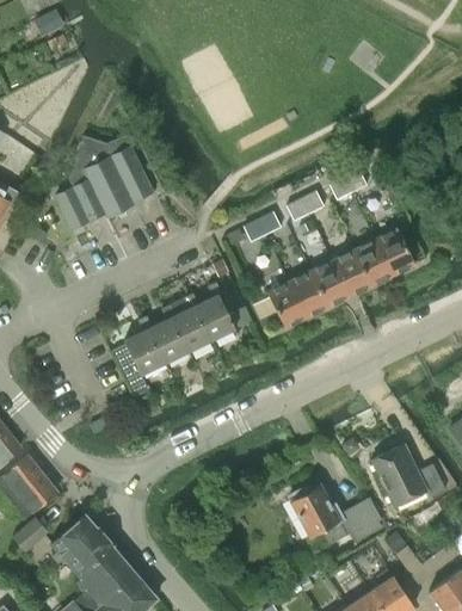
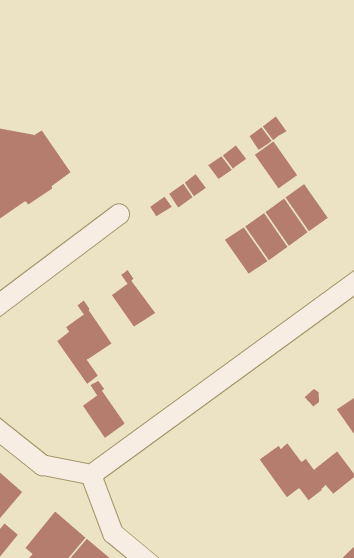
building: [376,227,415,274] -> [254,140,298,189]
building: [267,279,308,327] -> none
building: [196,282,236,339] -> none
building: [150,304,190,362] -> [82,380,126,439]

